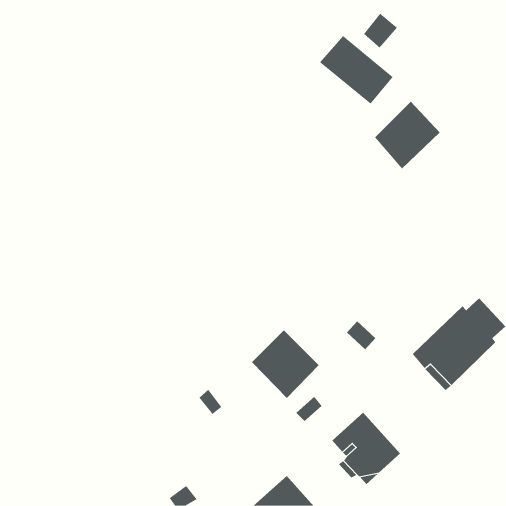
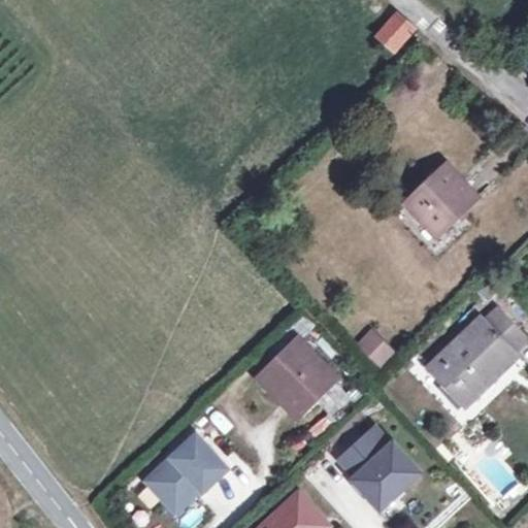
building: [319,35,393,104] -> none
building: [374,101,441,169] -> [406,165,475,236]
building: none -> [145,435,225,513]

